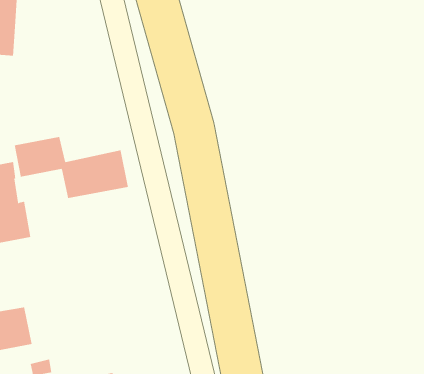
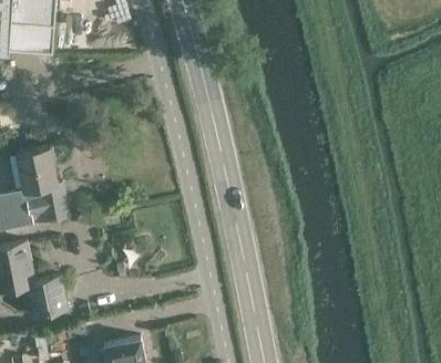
building: [14,136,128,199] -> none

